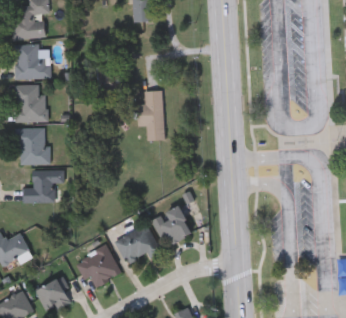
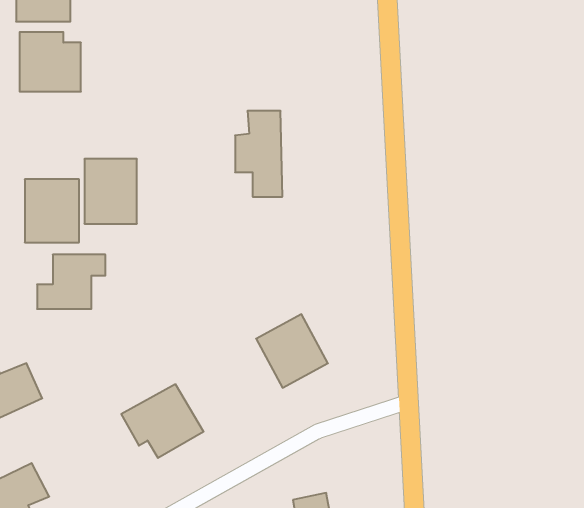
building: [16,85,46,122] -> [84,159,137,224]
building: [115,225,159,266] -> none
building: [33,277,72,311] -> none

